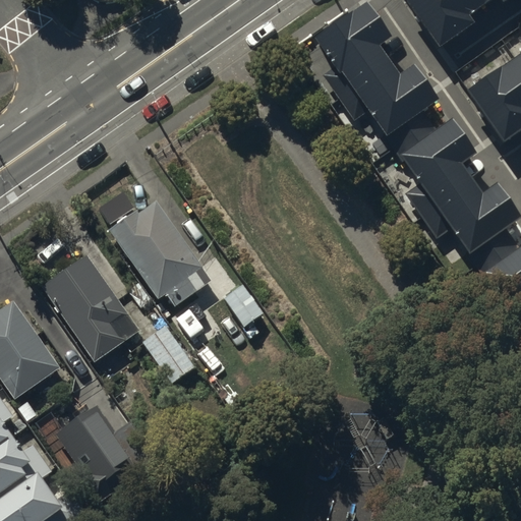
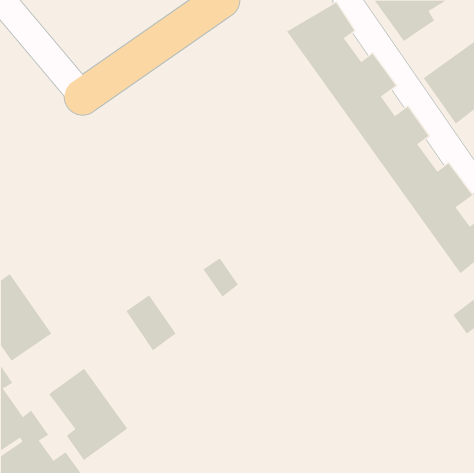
building: [106,199,201,307] -> none
building: [39,252,139,362] -> none

